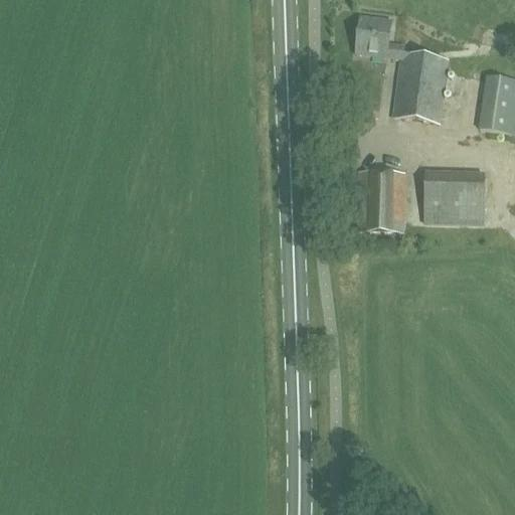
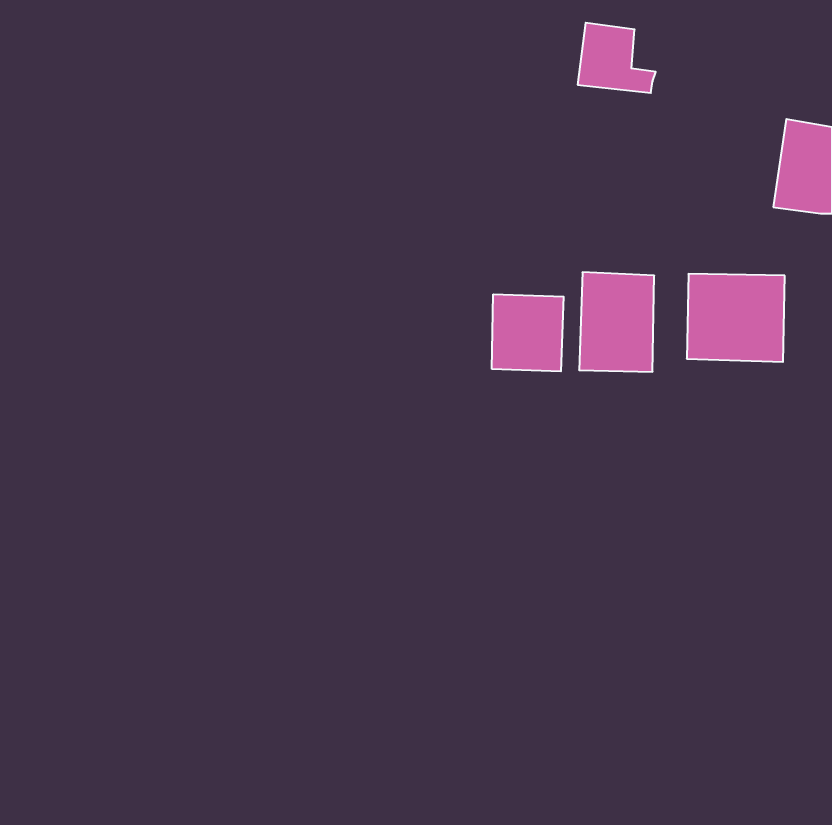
building: [393,50,449,122] -> none
building: none -> [492,294,564,371]

